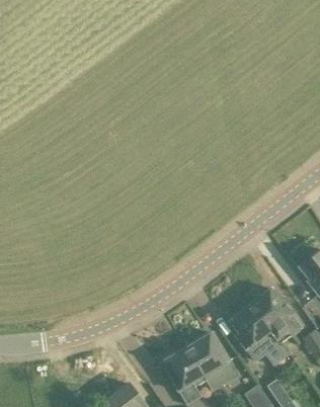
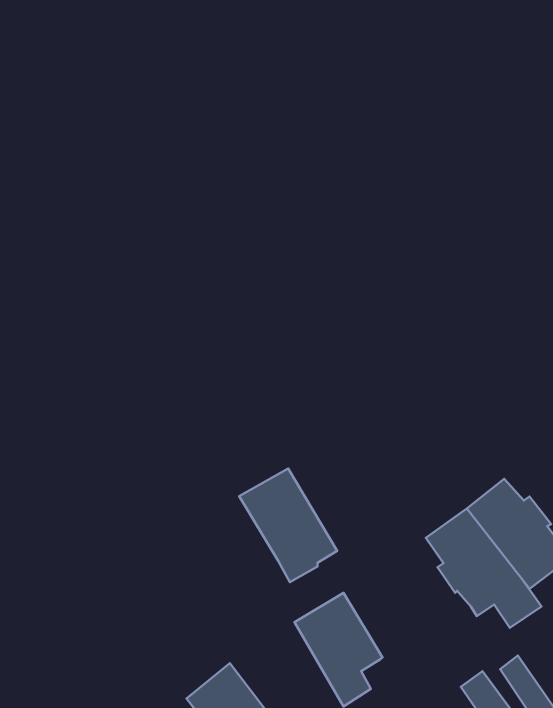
building: [186,332,237,391] -> [239,469,337,582]

